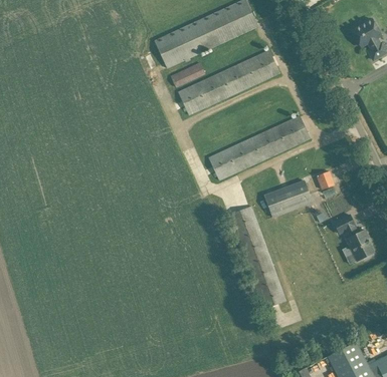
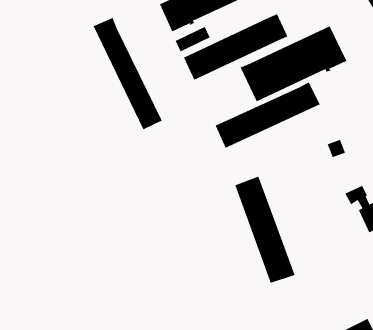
building: none -> [93,17,162,130]
building: none -> [240,25,347,102]
building: [265,179,313,217] -> none

